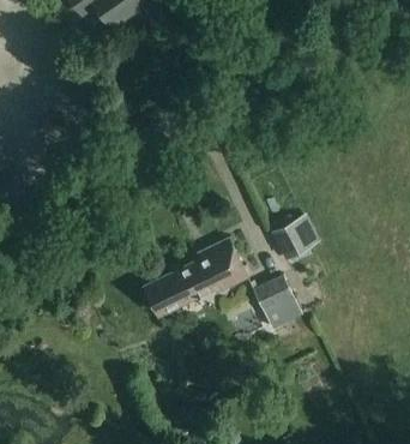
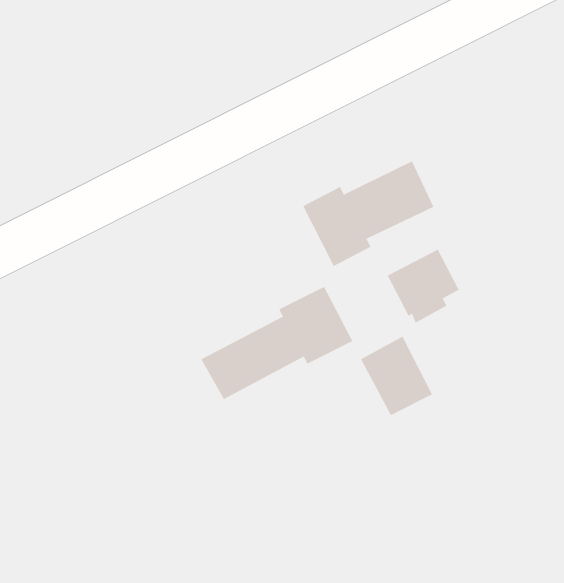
building: none -> [302,160,434,267]

